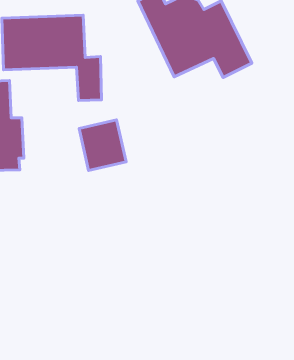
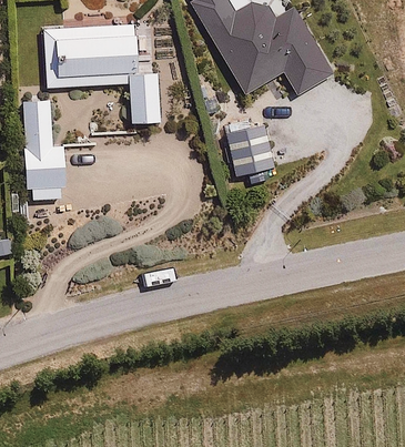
building: [79,120,126,171] -> [221,119,275,177]

